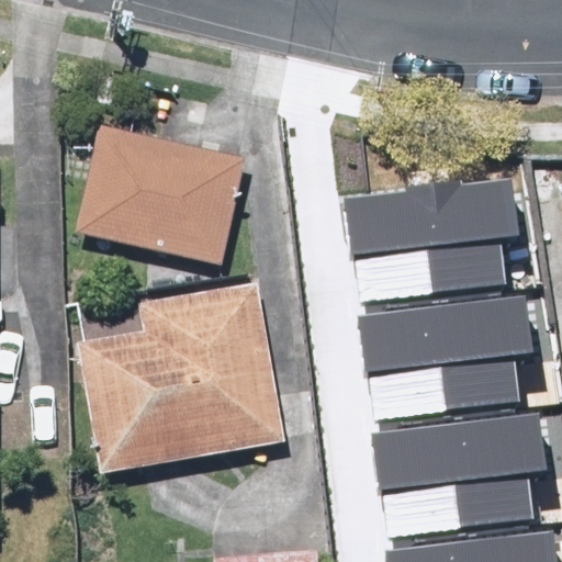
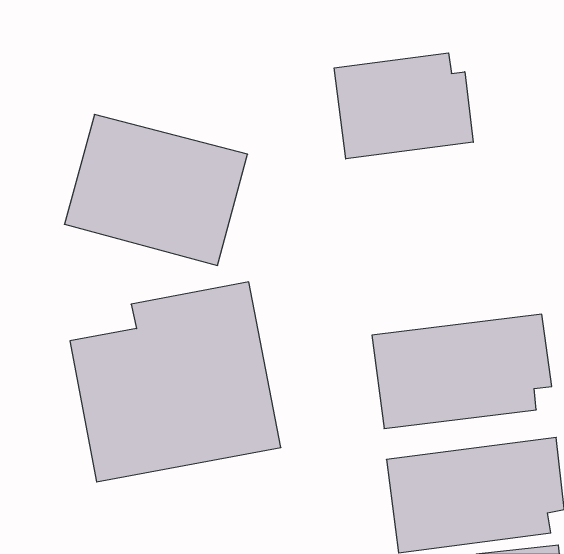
building: none -> [334,53,473,159]
building: [355,200,531,314] -> none

